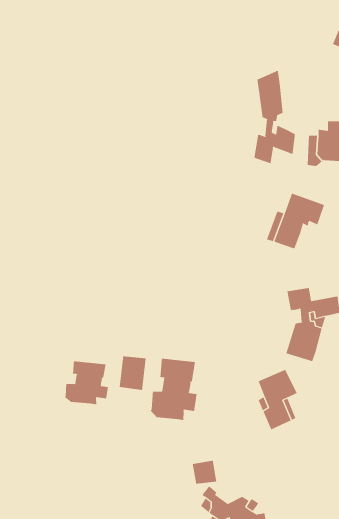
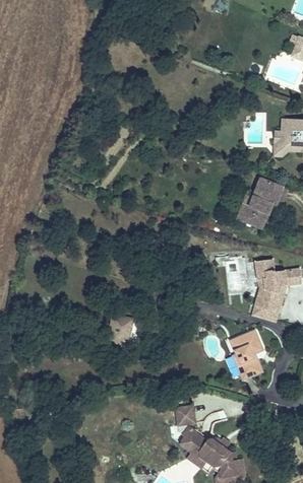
building: [254,70,296,164] -> none
building: [150,358,197,421] -> none
building: [64,360,109,405] -> none

